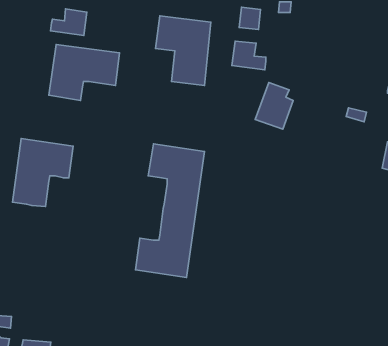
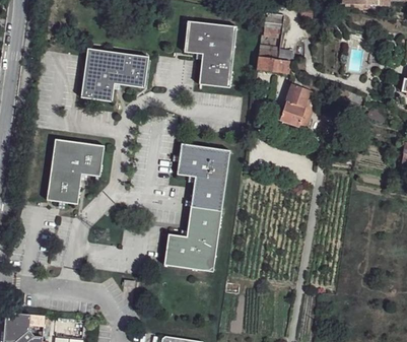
building: [50,9,87,35] -> none

